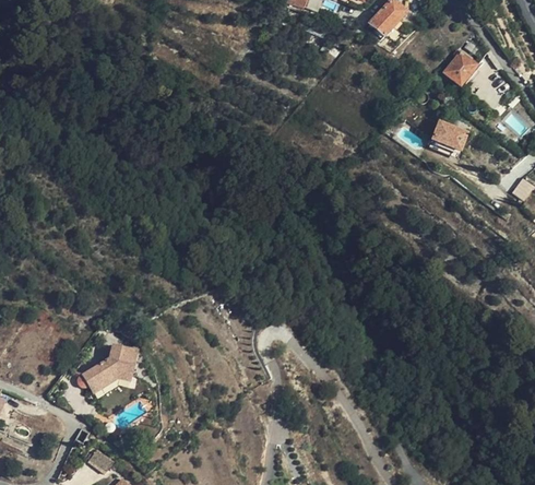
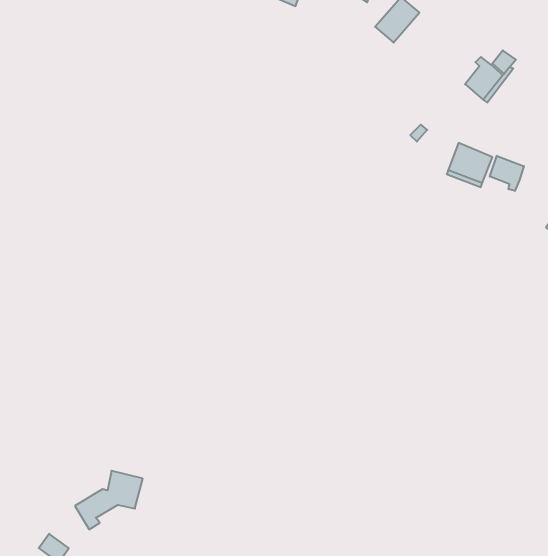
building: none -> [490,156,524,191]
building: [82,344,139,393] -> [75,471,143,529]

